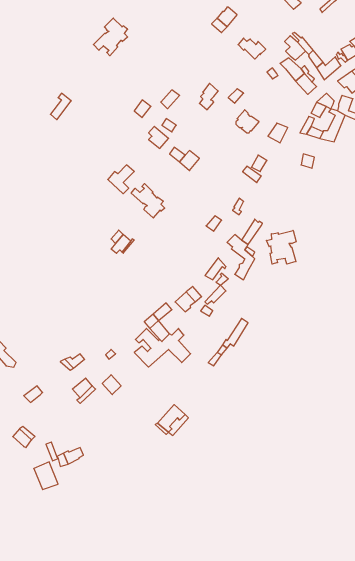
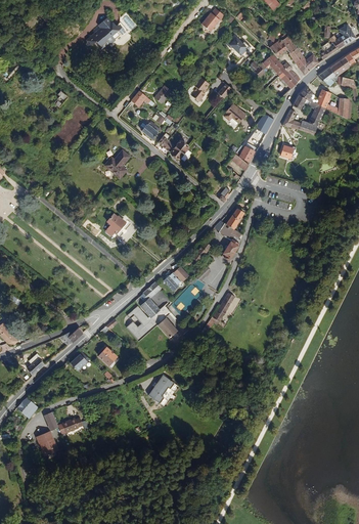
building: [131,184,165,218] -> none
building: [266,230,296,264] -> none

